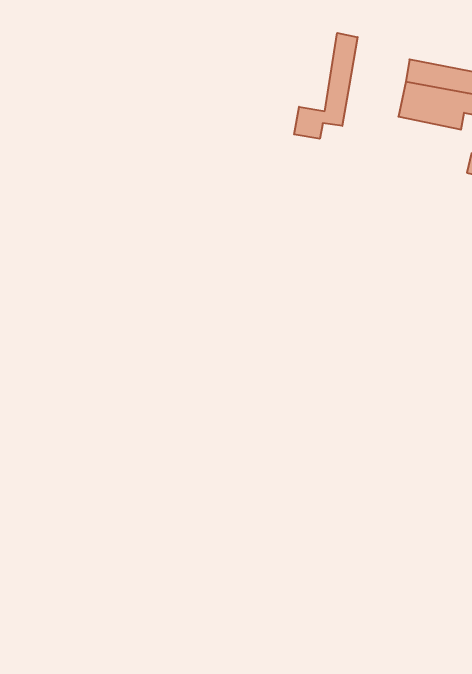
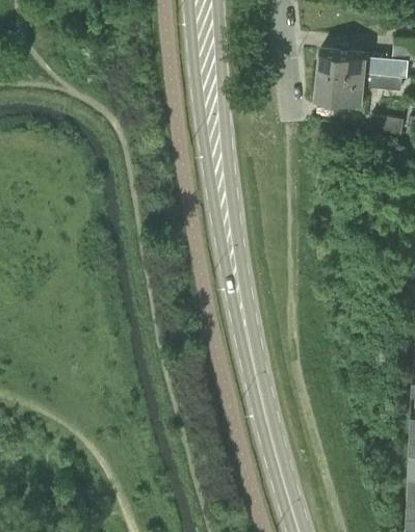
building: [294,33,358,139] -> none

